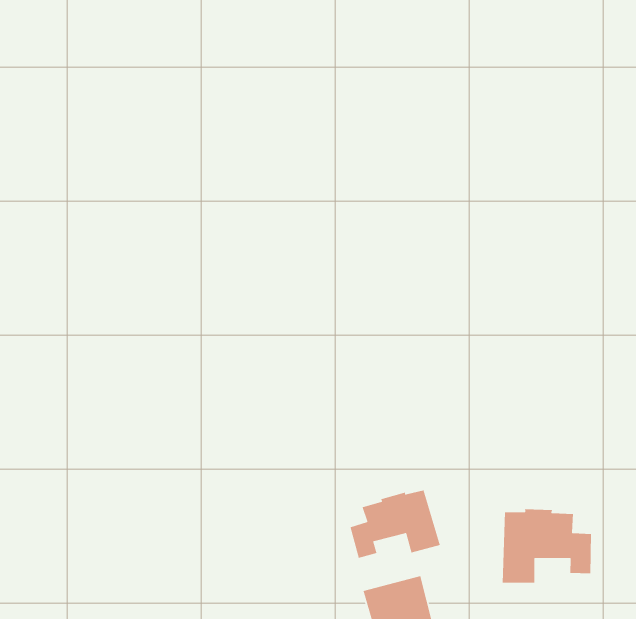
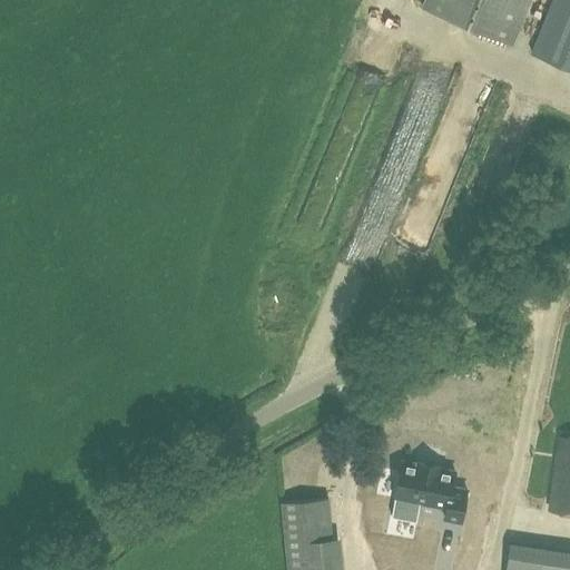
building: [350,489,441,559] -> none

